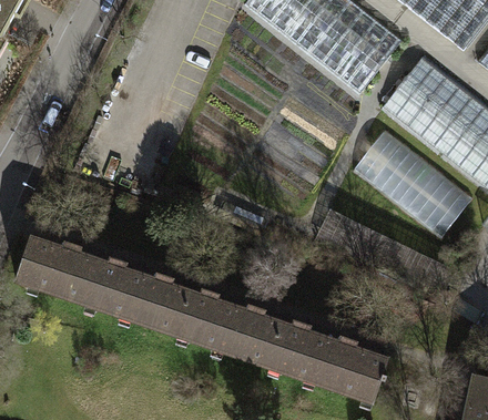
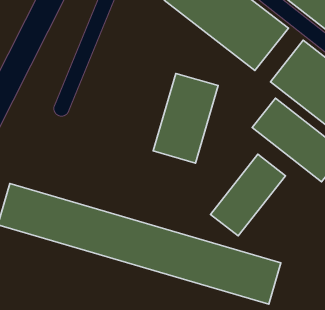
building: none -> [153,73,218,163]
building: none -> [210,154,285,236]

